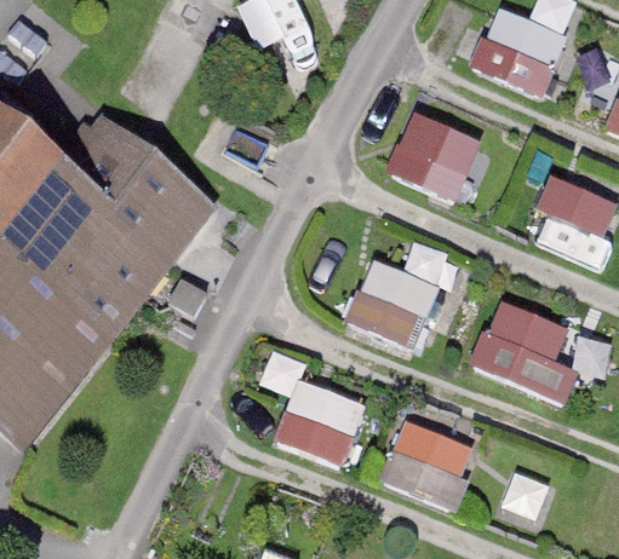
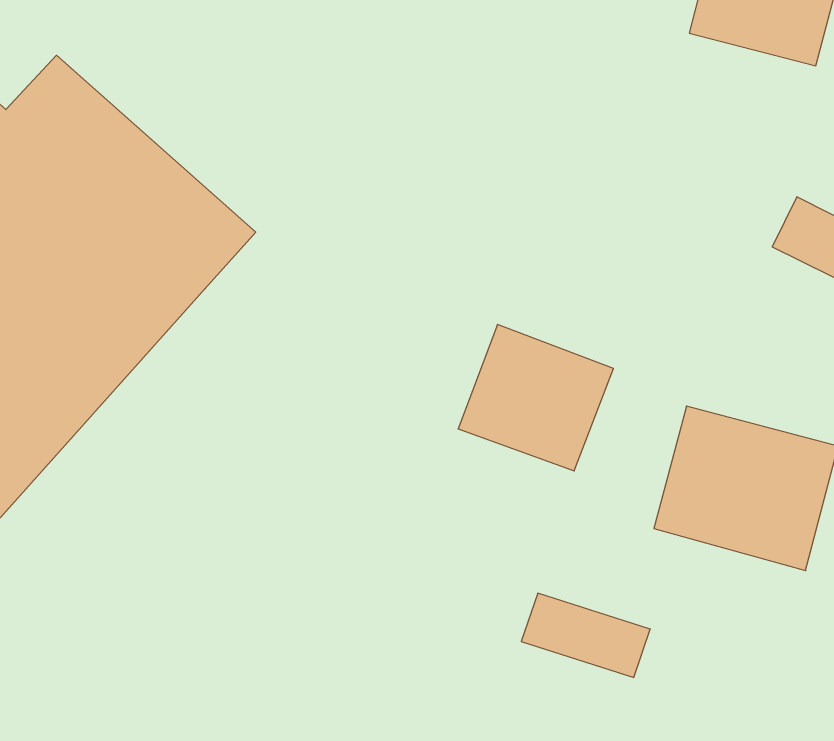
building: [389,113,485,201] -> none
building: [275,382,365,463] -> none

